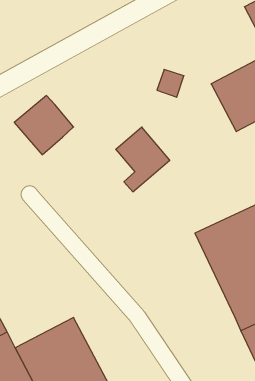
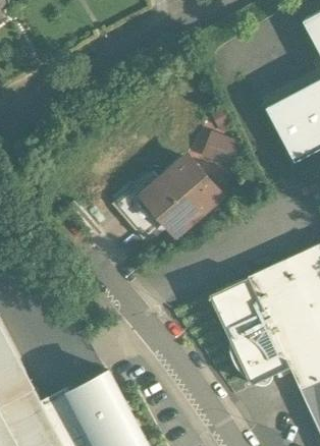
building: [157,69,184,97] -> [204,133,234,165]
building: [14,96,74,155] -> [112,172,179,239]
building: none -> [210,277,292,385]

